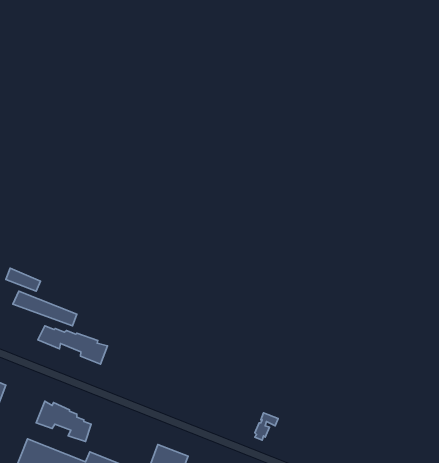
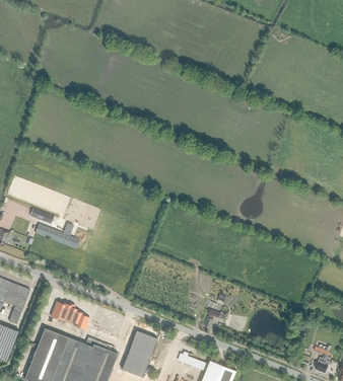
building: [38,326,108,364] -> none

